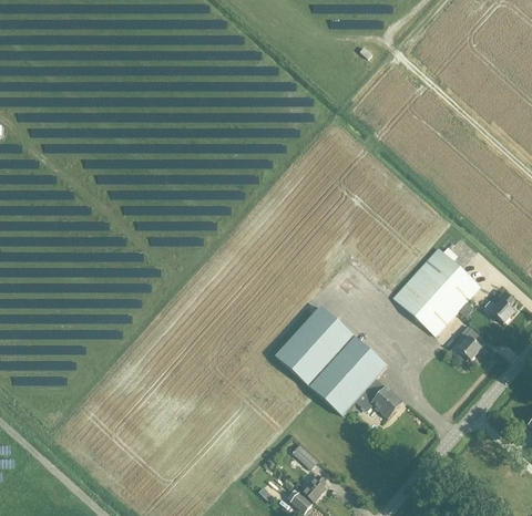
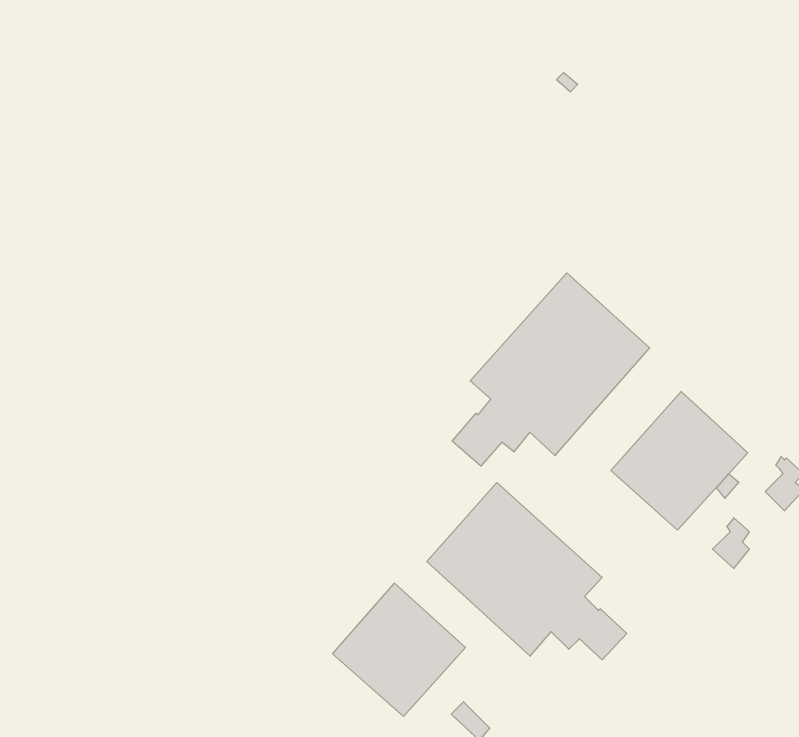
building: none -> [452,273,650,466]
building: none -> [333,583,465,716]

